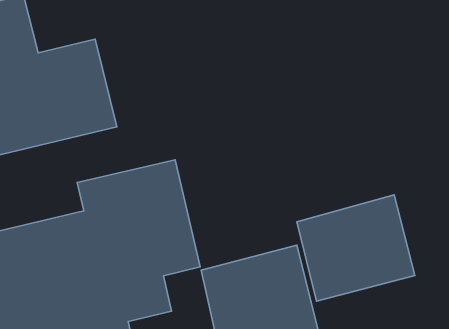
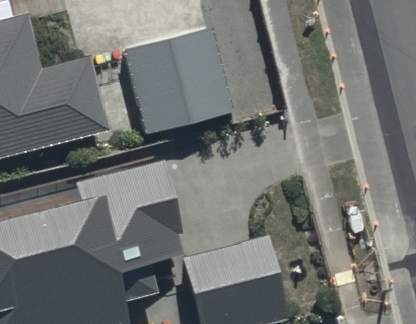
building: none -> [123,29,229,131]
building: [297,195,415,301] -> none

